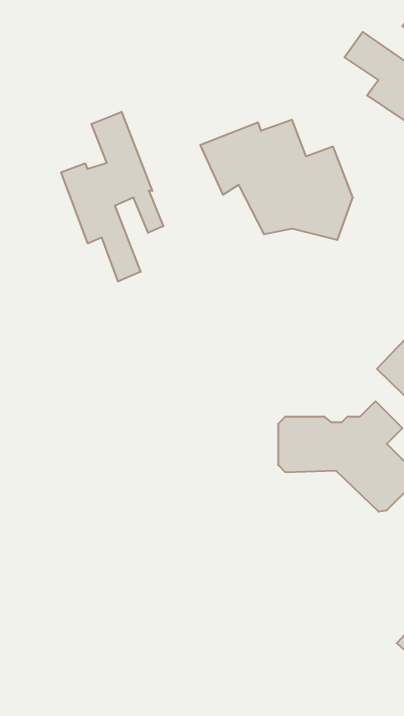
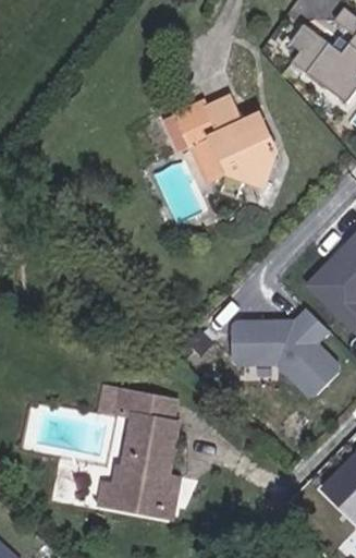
building: [61,112,163,281] -> none
building: none -> [113,389,184,515]

